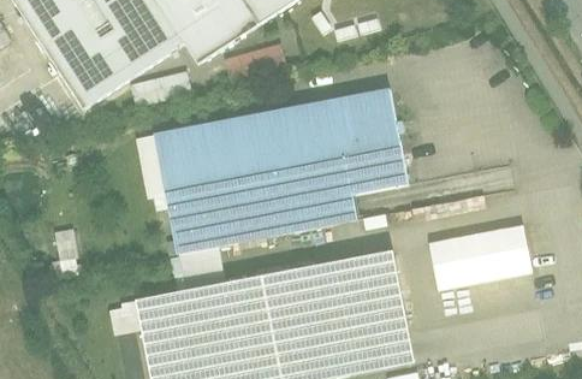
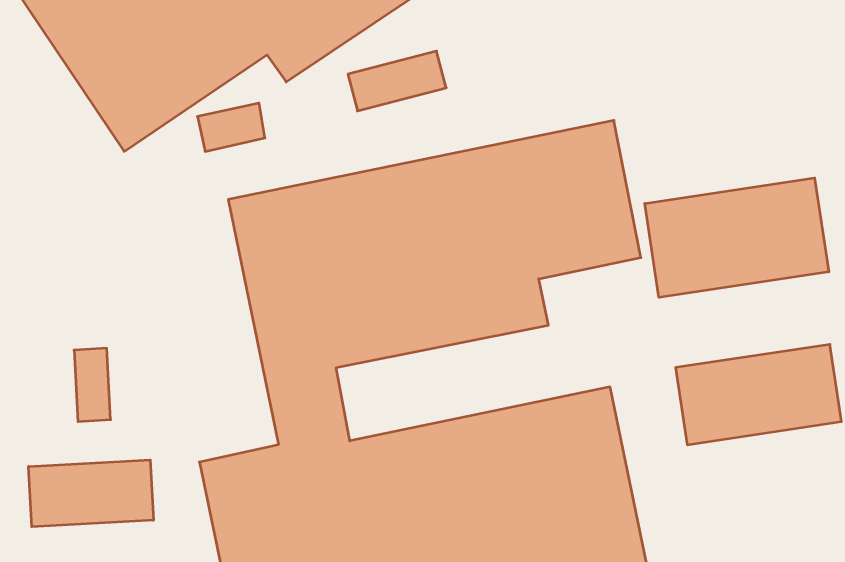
building: none -> [645,178,829,297]
building: none -> [29,460,153,527]

